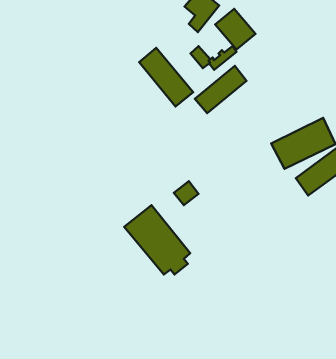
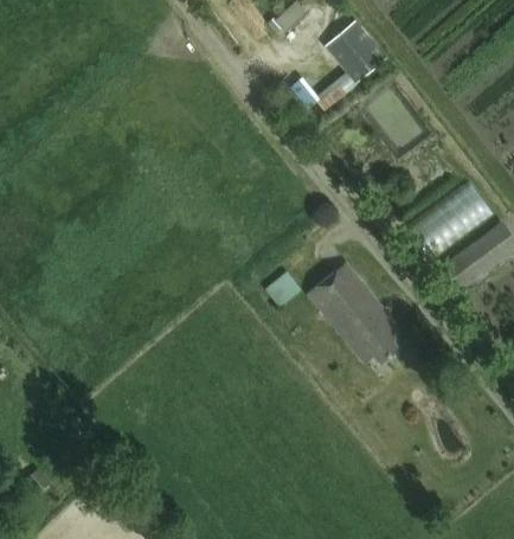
building: [139,48,193,106] -> none
building: [195,66,247,113] -> none
building: [124,205,190,275] -> [307,263,401,362]

